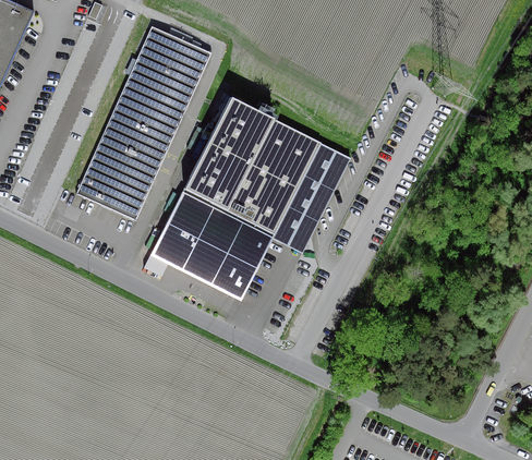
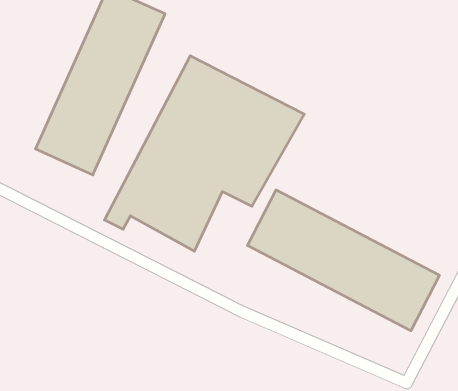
building: none -> [247,190,439,331]

